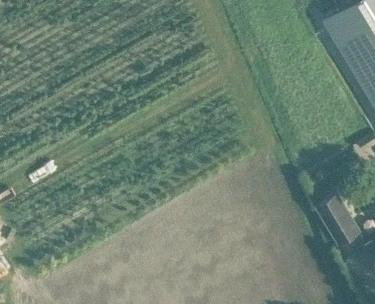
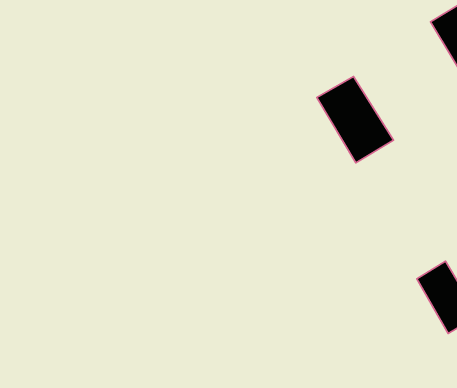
building: none -> [317,76,393,163]

